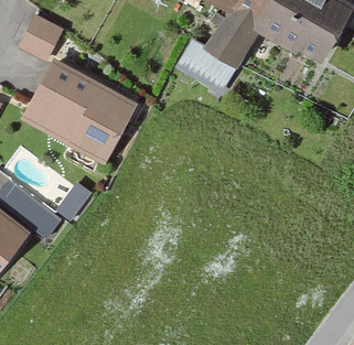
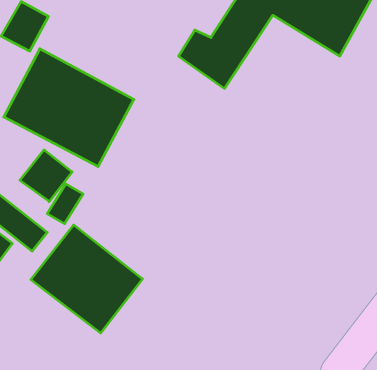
building: none -> [20,150,72,202]
building: none -> [31,225,142,333]

